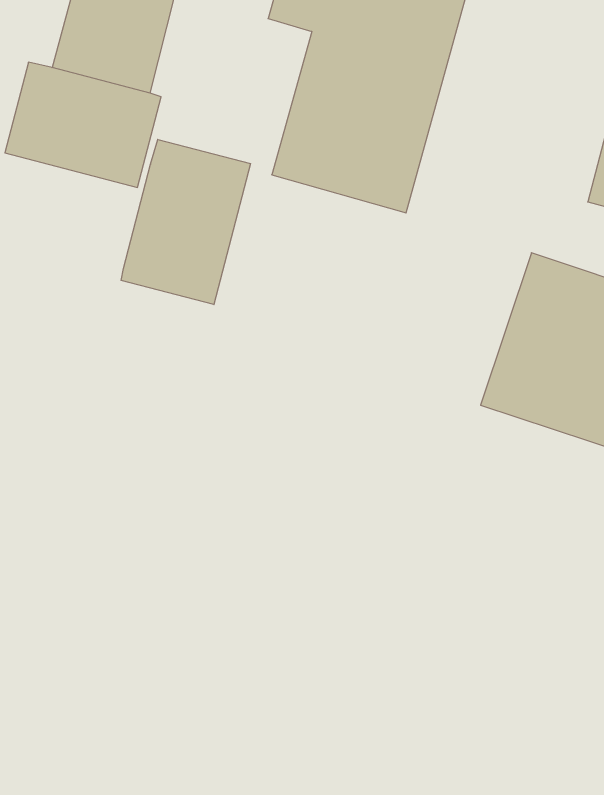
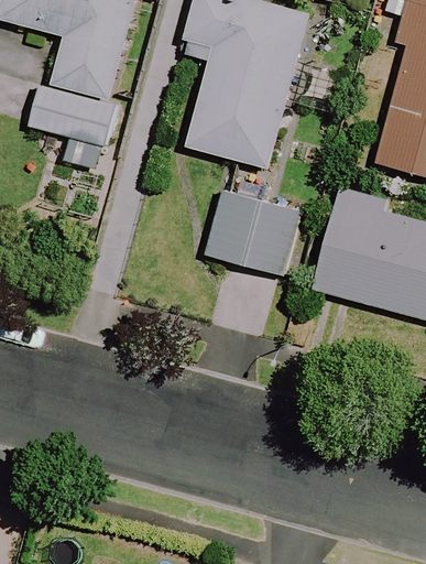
building: [121,139,251,305] -> none
building: none -> [204,191,301,276]

